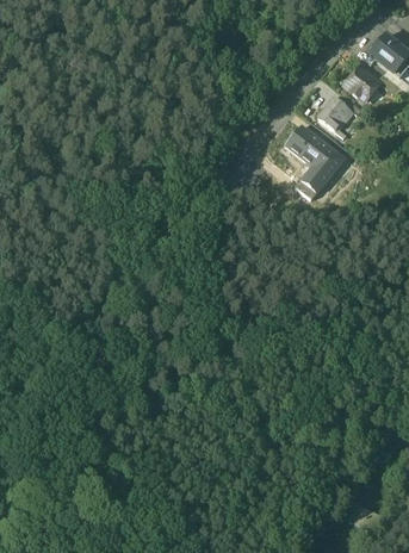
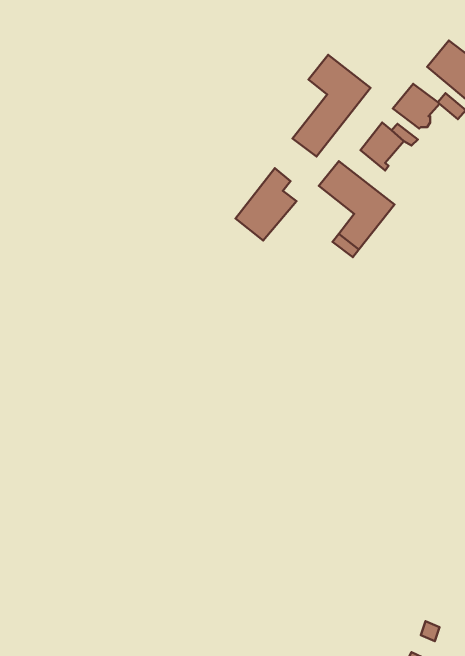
building: none -> [293,55,371,157]
building: none -> [236,168,296,240]

